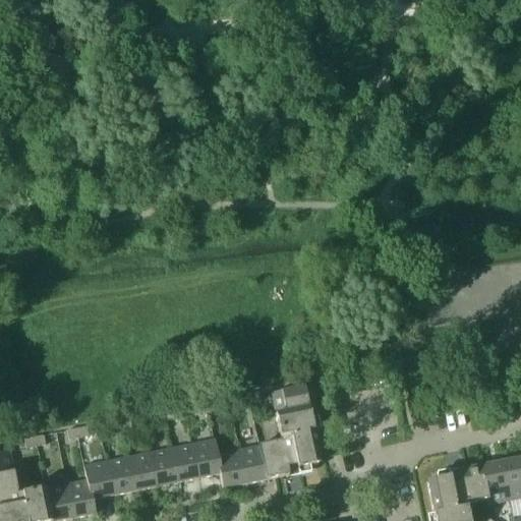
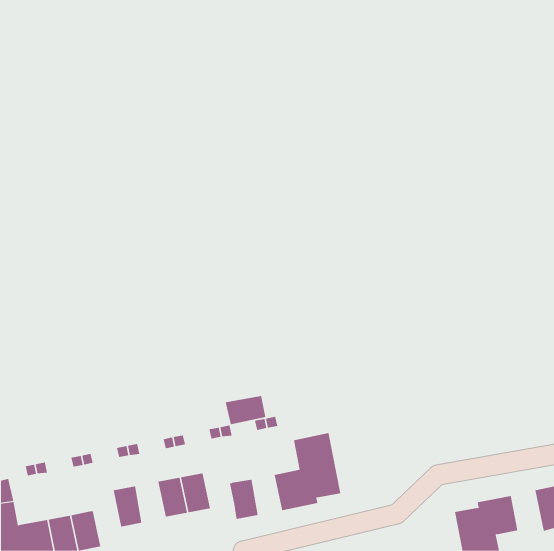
building: [271,385,309,412] -> [225,396,266,425]
building: [191,438,220,476] -> none
building: [237,445,265,482] -> none
building: [128,451,156,489] -> none
building: [83,459,114,498] -> none
building: [480,459,510,502] -> none

